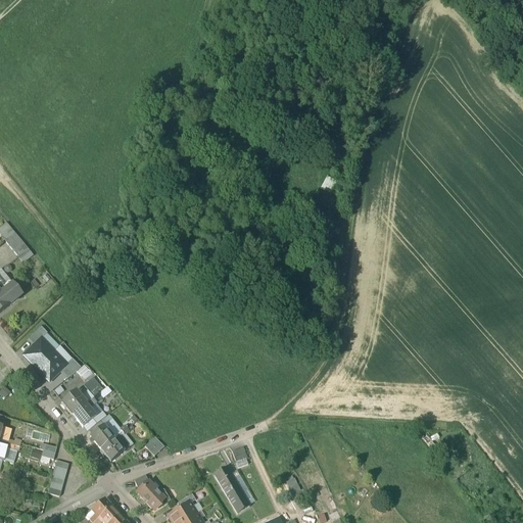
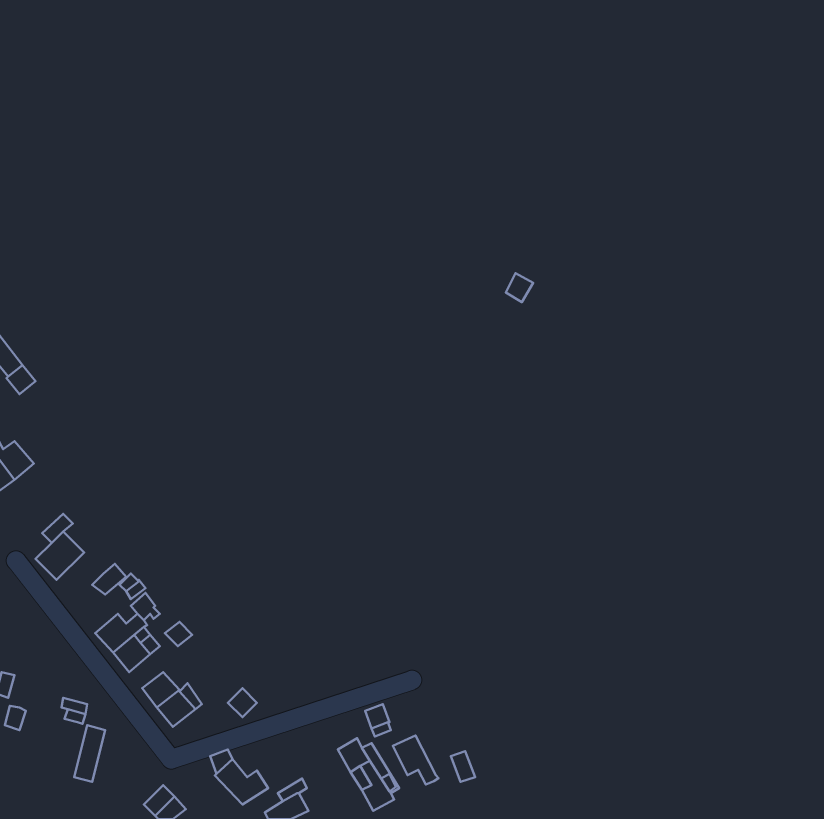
building: [36,349,65,380] -> none
building: none -> [393,736,438,784]

